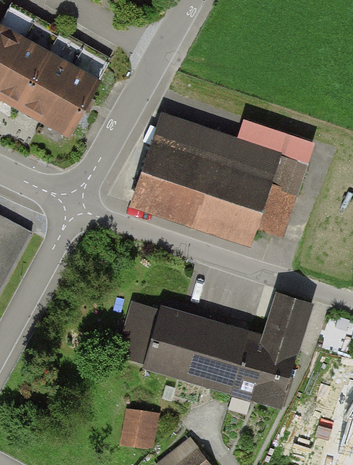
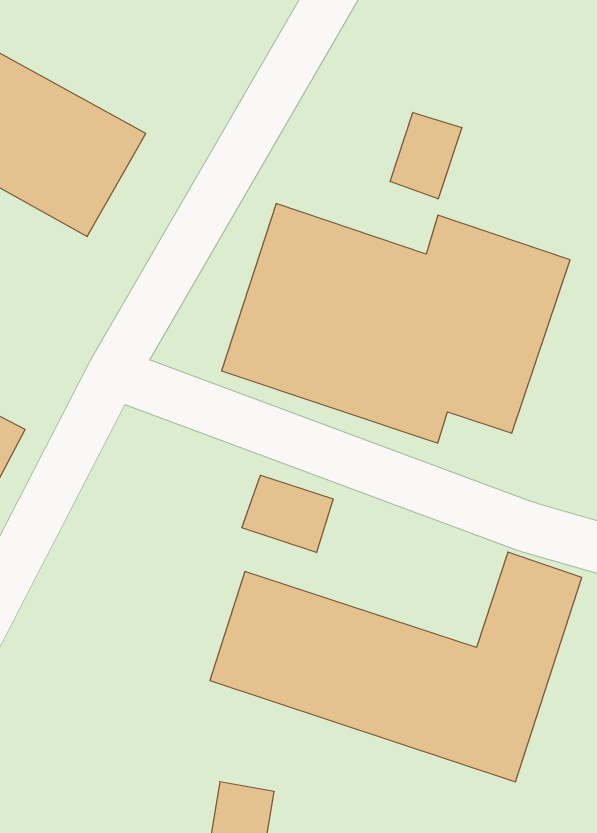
building: none -> [390,112,462,199]
building: none -> [242,475,333,553]

